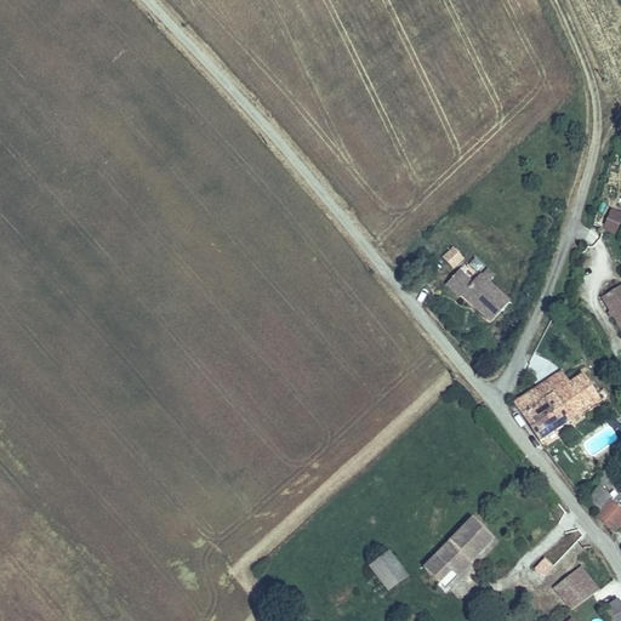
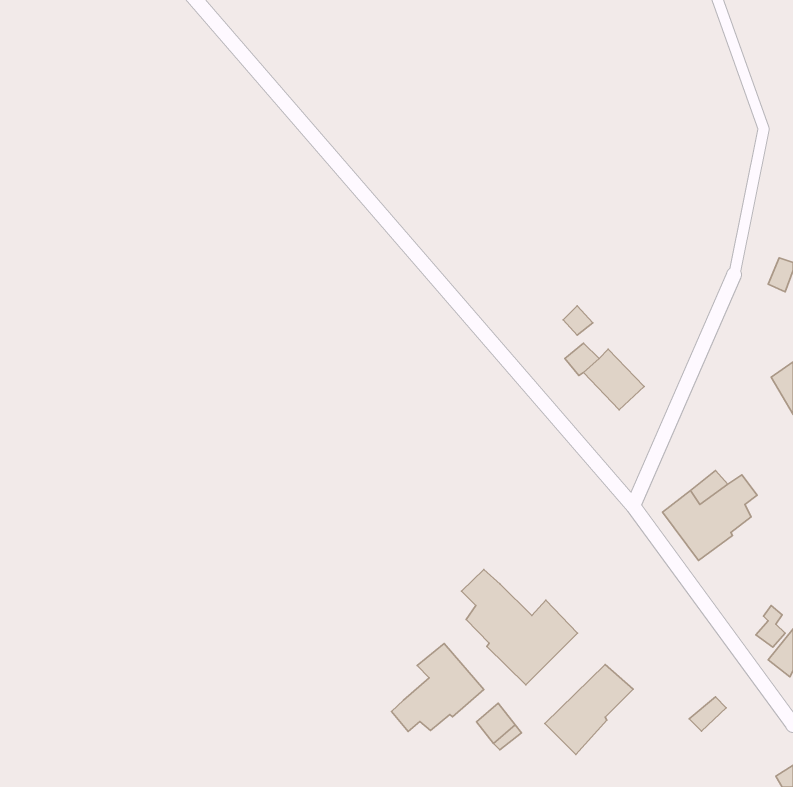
building: none -> [462,570,577,685]
building: none -> [392,643,484,731]
building: [560,565,604,608] -> none

